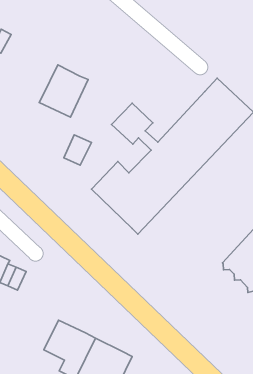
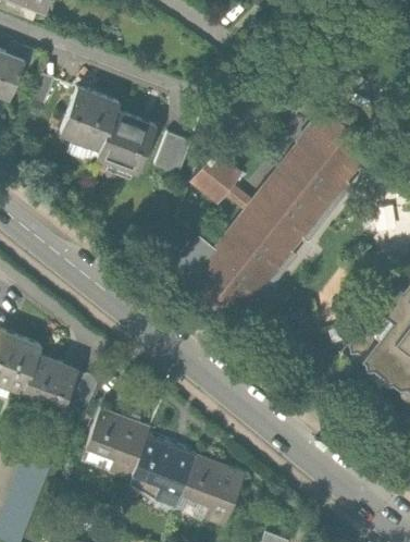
building: none -> [59,89,120,155]
building: [64,135,92,165] -> [157,138,190,176]
building: none -> [84,408,150,483]

